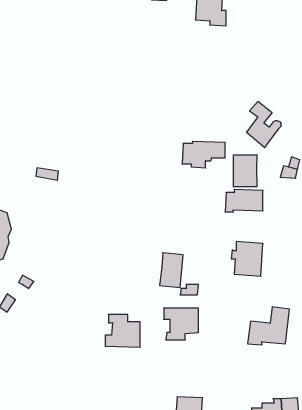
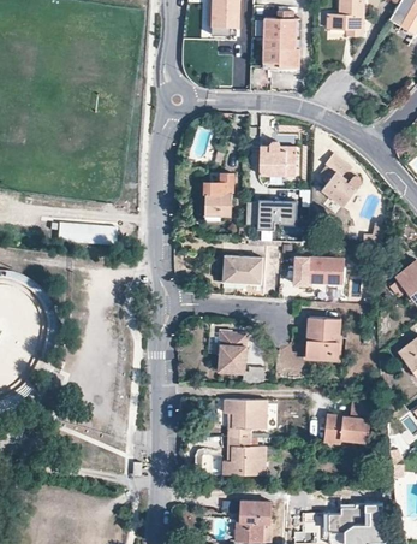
building: none -> [260,142,297,177]
building: none -> [204,175,232,217]
building: [234,155,257,187] -> none
building: none -> [222,256,263,285]
building: [105,315,140,347] -> [222,434,263,473]

